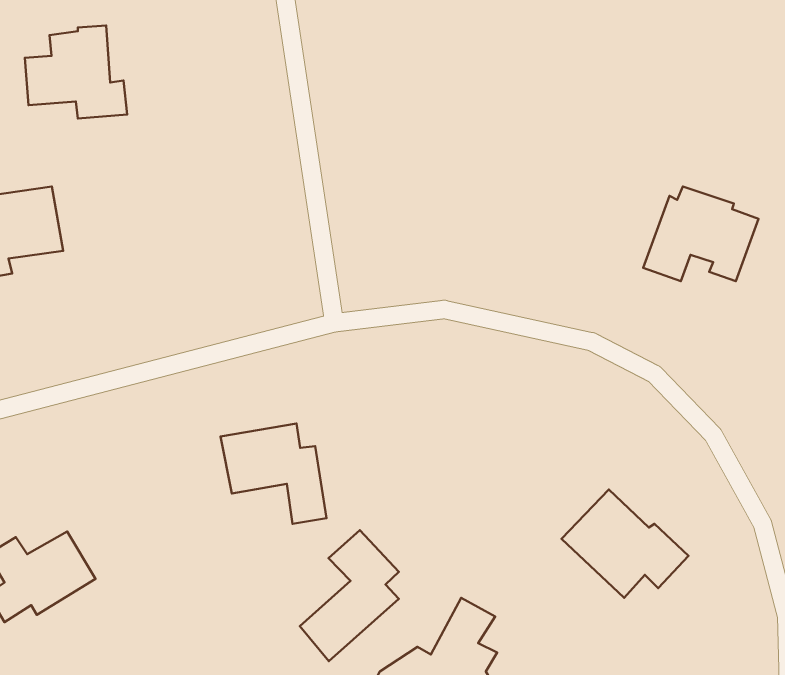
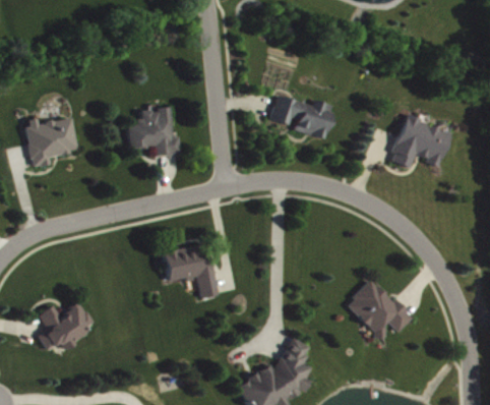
building: [25,26,127,118] -> [126,106,181,156]
building: none -> [269,95,335,139]
building: [300,530,399,661] -> none

